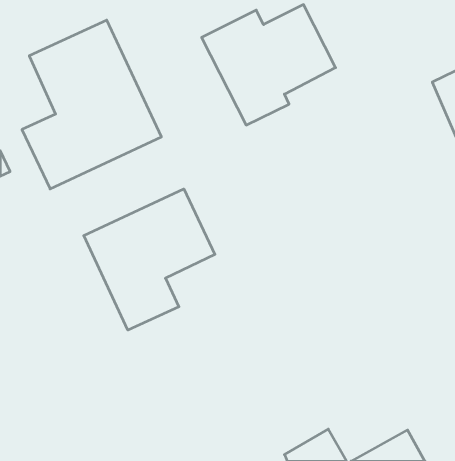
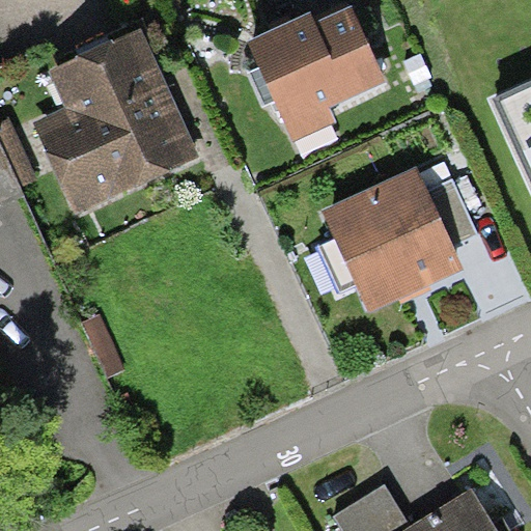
building: none -> [317,168,484,319]
building: [84,189,215,330] -> none

